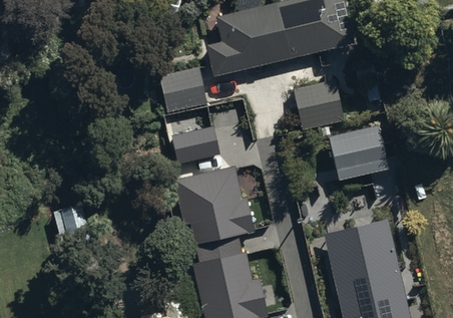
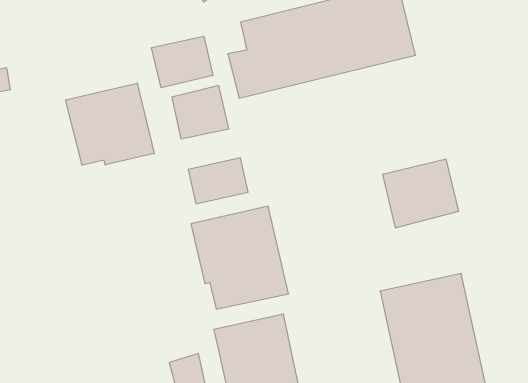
building: none -> [152,36,213,88]
building: none -> [66,83,154,165]
building: [294,78,344,127] -> none

